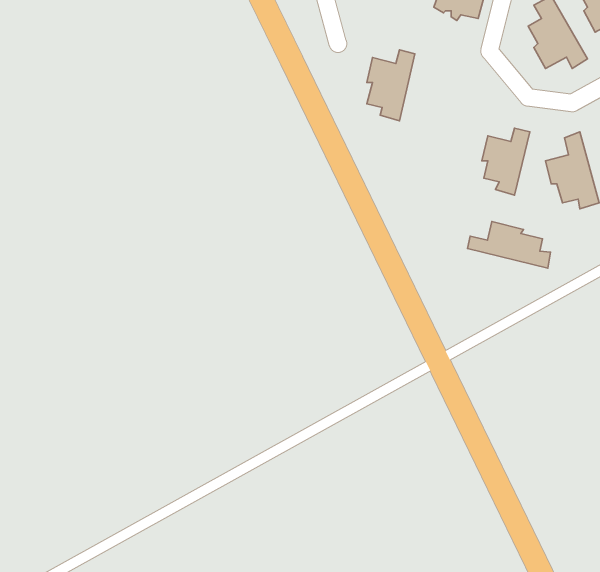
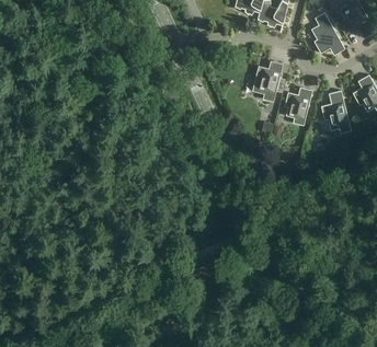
building: [367,50,415,121] -> [254,61,282,102]
building: [467,222,550,268] -> none

